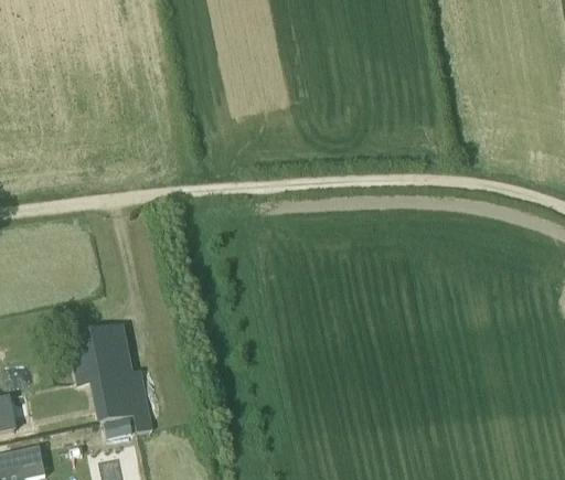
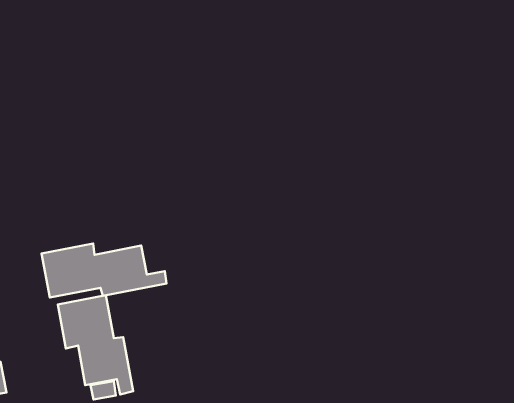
building: none -> [41,243,167,297]

